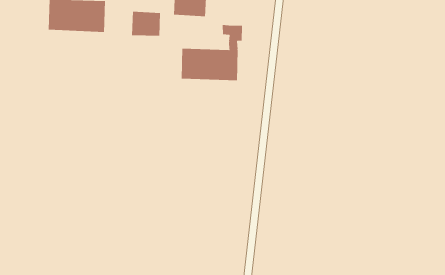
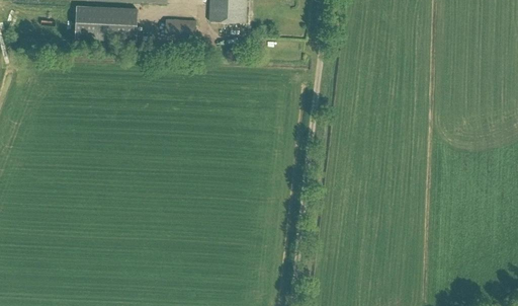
building: [181,24,242,81] -> none

